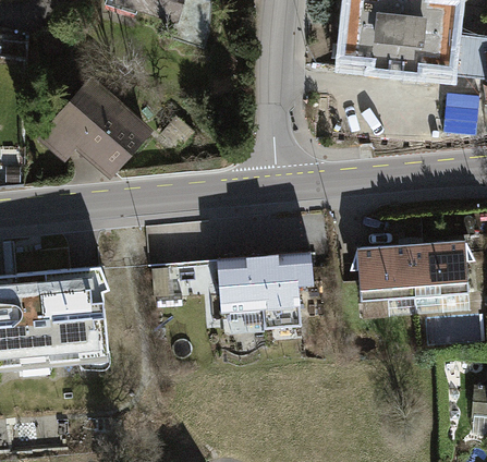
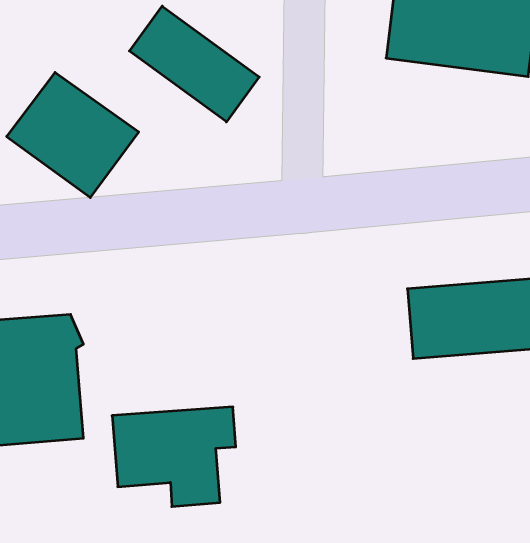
building: none -> [129,6,259,122]
building: [218,252,313,328] -> [112,407,236,507]

